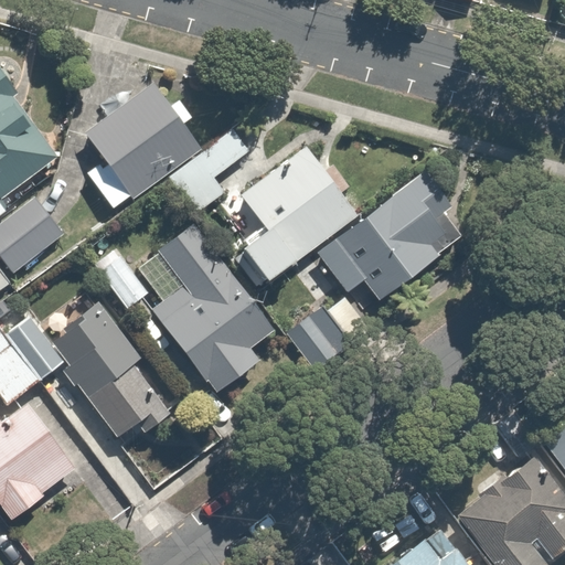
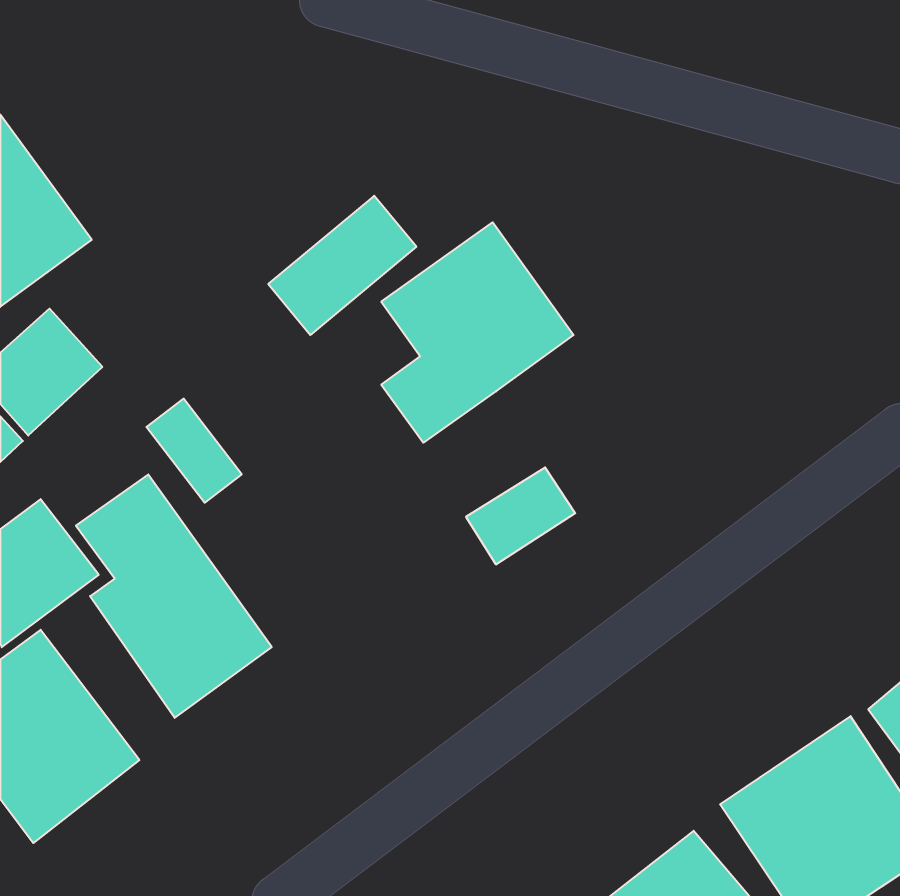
building: [81,78,200,214] -> none
building: [312,174,468,306] -> none
building: [137,225,273,394] -> none

